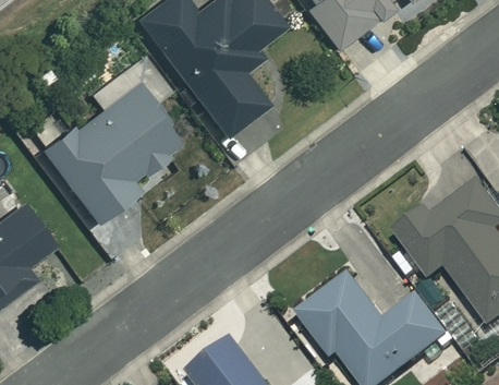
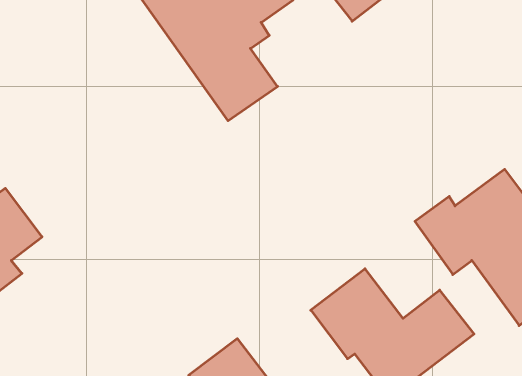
building: [34,41,180,221] -> none

